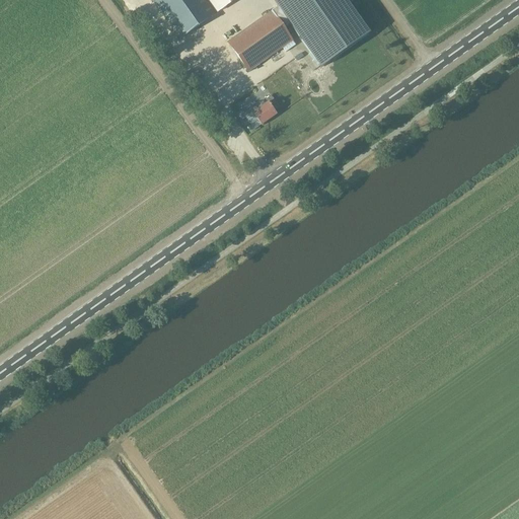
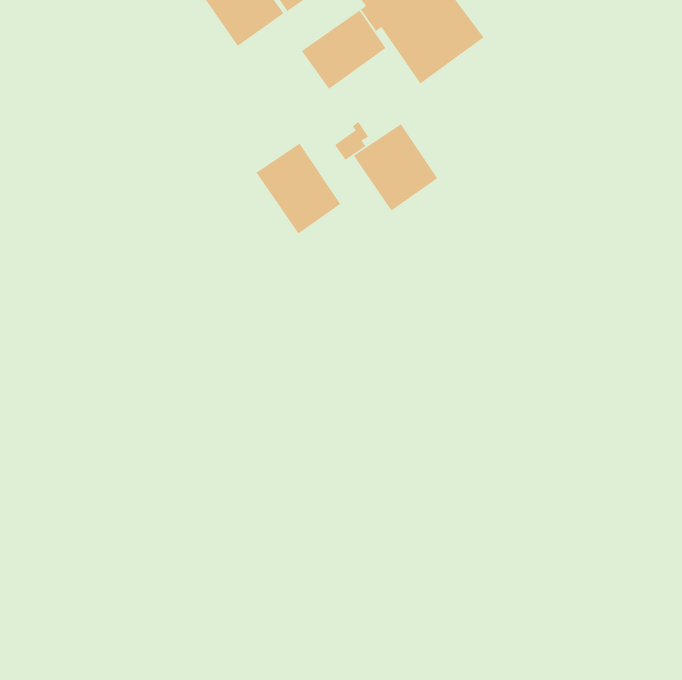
building: none -> [353,123,438,211]
building: none -> [255,143,341,234]

